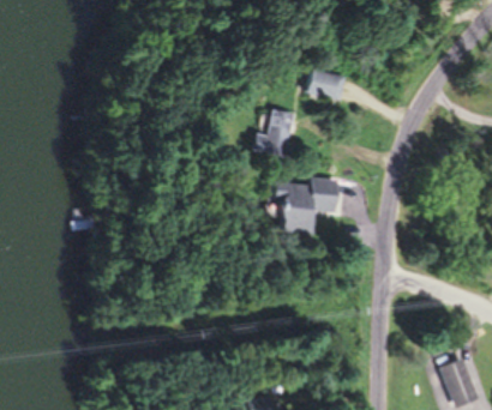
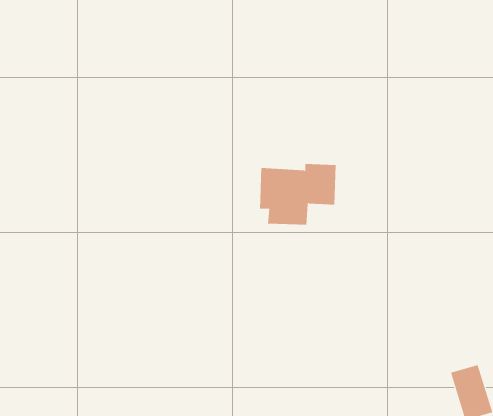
building: [304,68,344,101] -> none
building: [256,108,294,158] -> none

